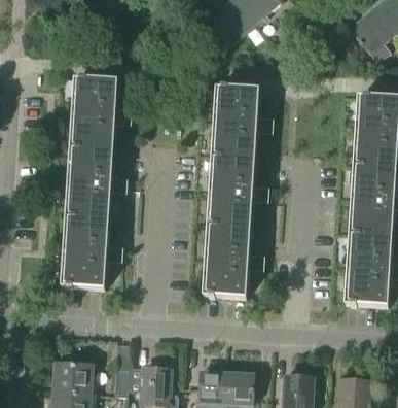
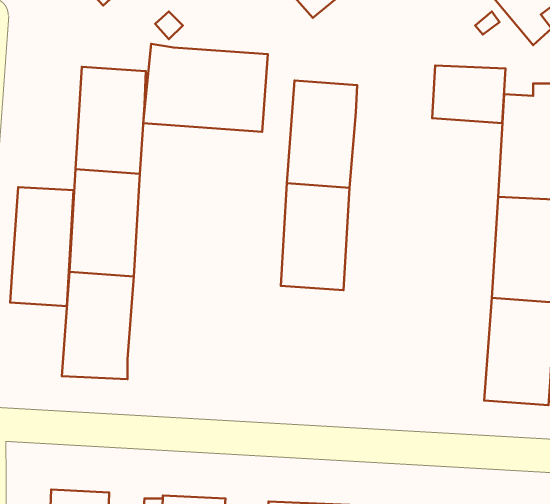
building: none -> [143,44,268,132]
building: none -> [432,65,506,123]
building: none -> [10,187,74,306]
building: [204,225,250,297] -> none

